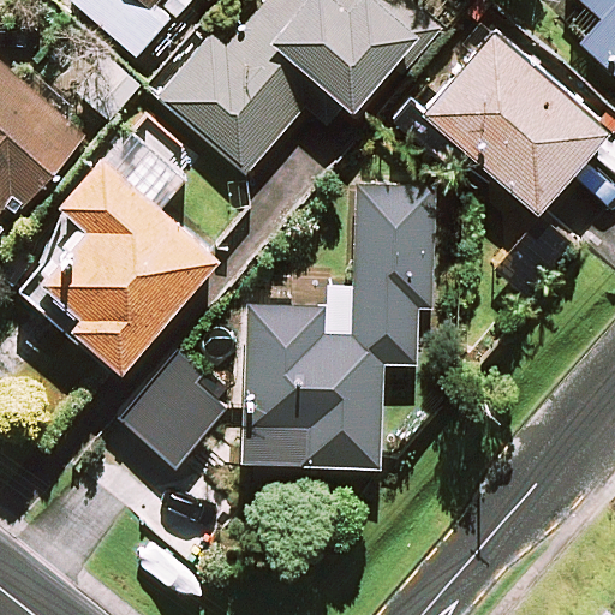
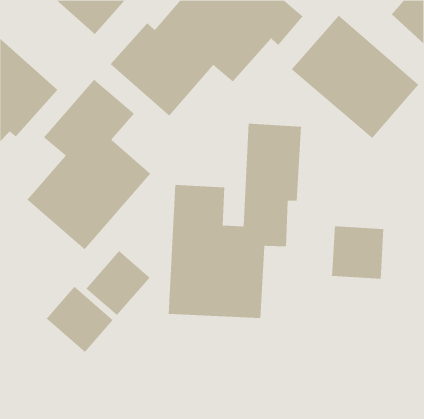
building: none -> [332,226,384,279]
building: none -> [46,286,113,353]

